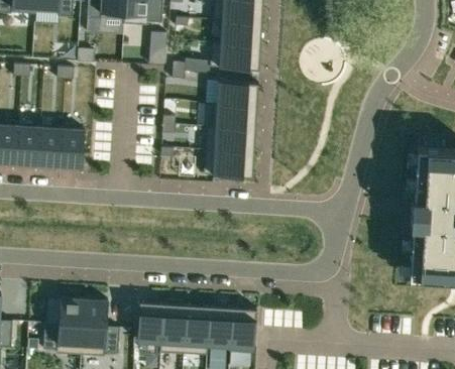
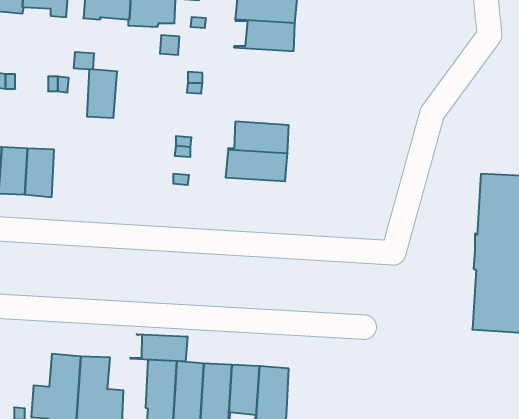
building: [209,43,260,71] -> none
building: [212,82,258,108] -> none
building: [60,128,85,168] -> [87,69,117,118]
building: [203,151,253,181] -> none
building: none -> [130,334,187,362]

